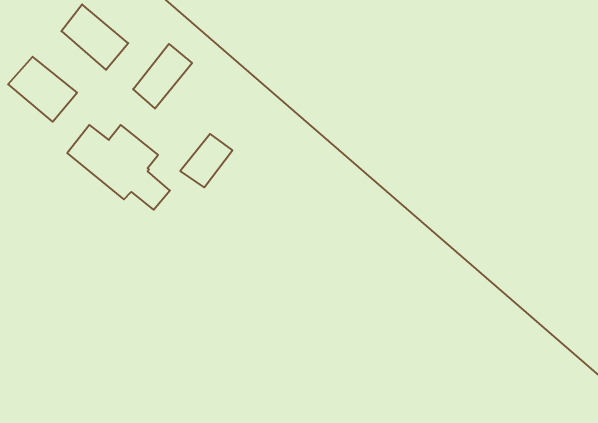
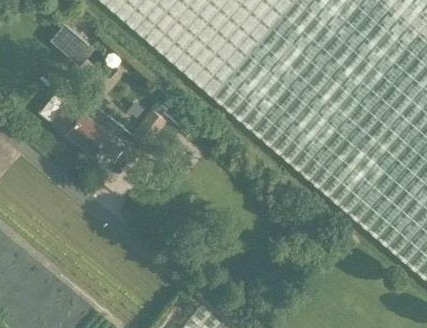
building: [133,44,192,109] -> none
building: [8,57,77,122] -> none

